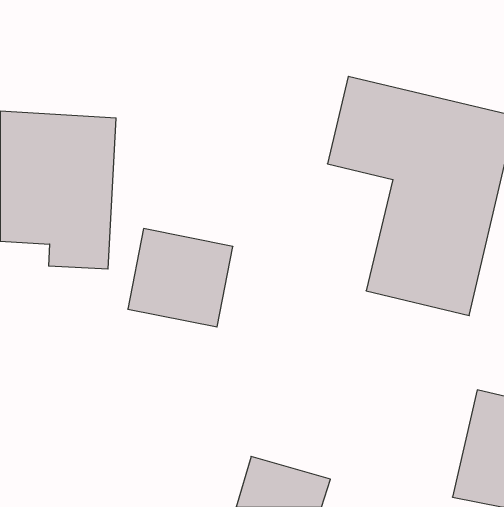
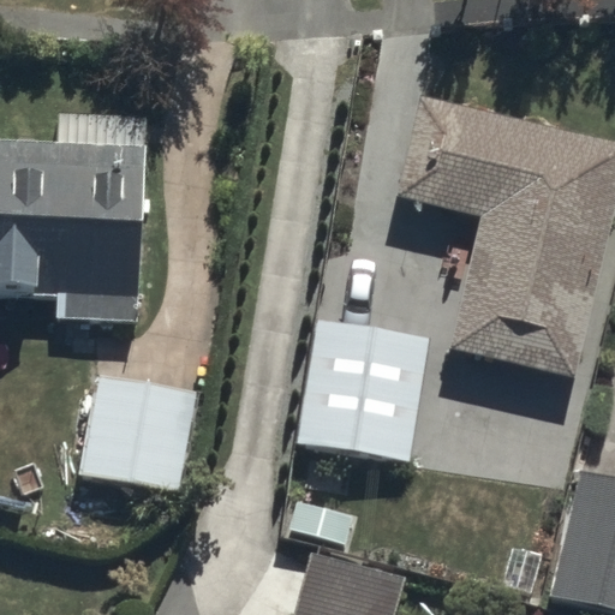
building: [128,229,233,327] -> [73,374,201,492]
building: none -> [297,318,428,465]

